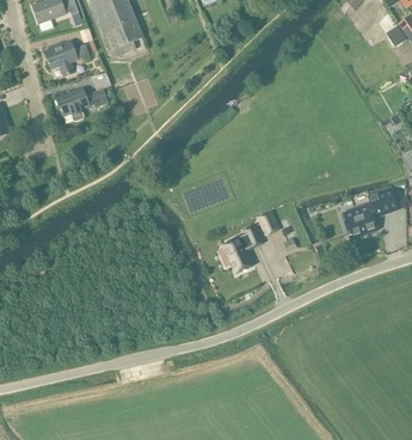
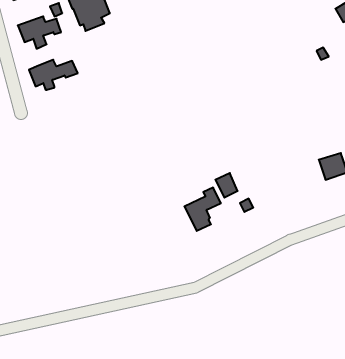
building: [345,210,377,238] -> none

